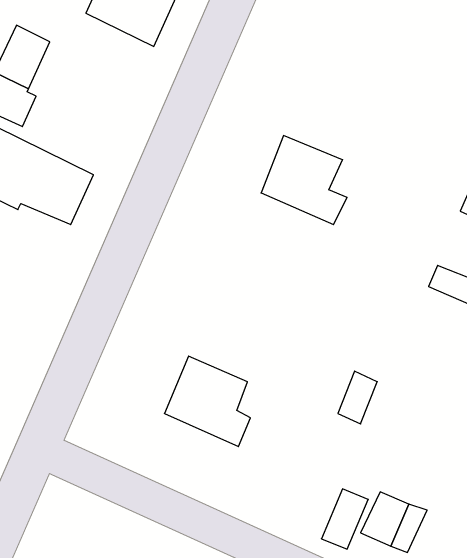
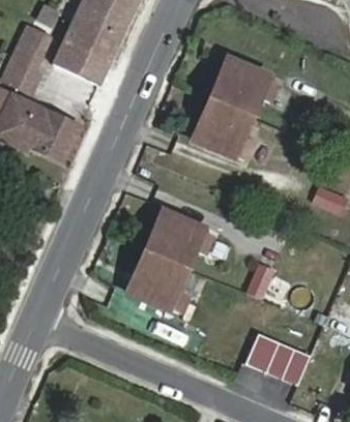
building: none -> [54,16,122,84]
building: none -> [211,60,279,116]
building: none -> [146,212,213,268]

